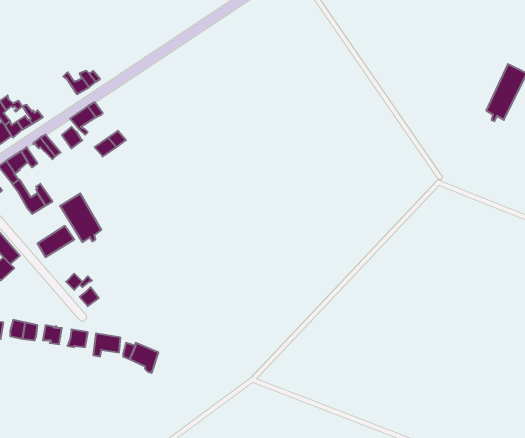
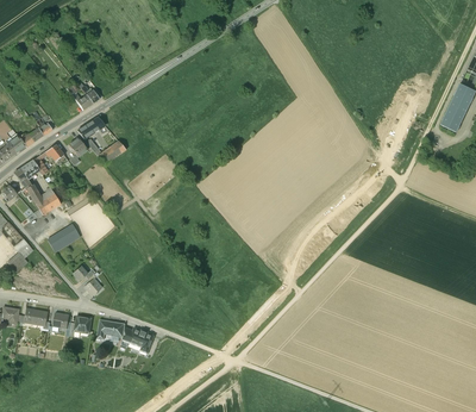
building: [60,193,101,242] -> none

